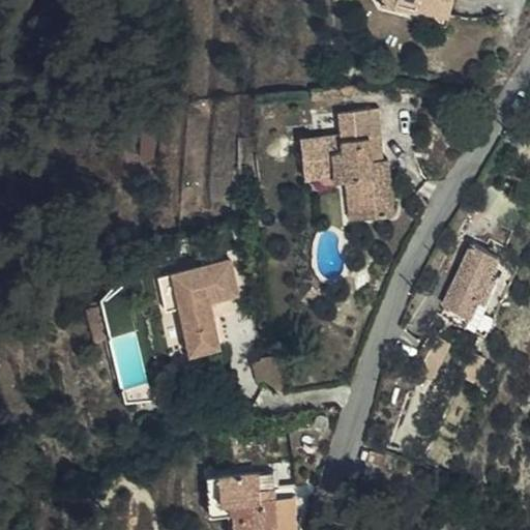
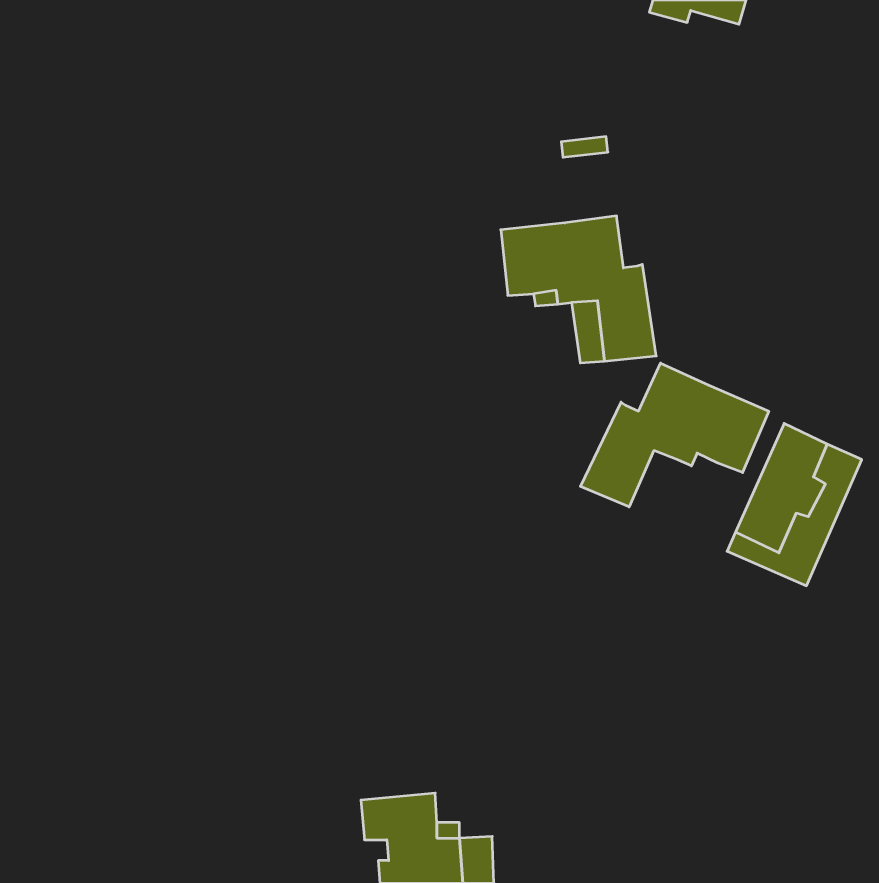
building: [335,107,382,160] -> none
building: none -> [580,363,769,507]
building: [156,260,234,355] -> none

